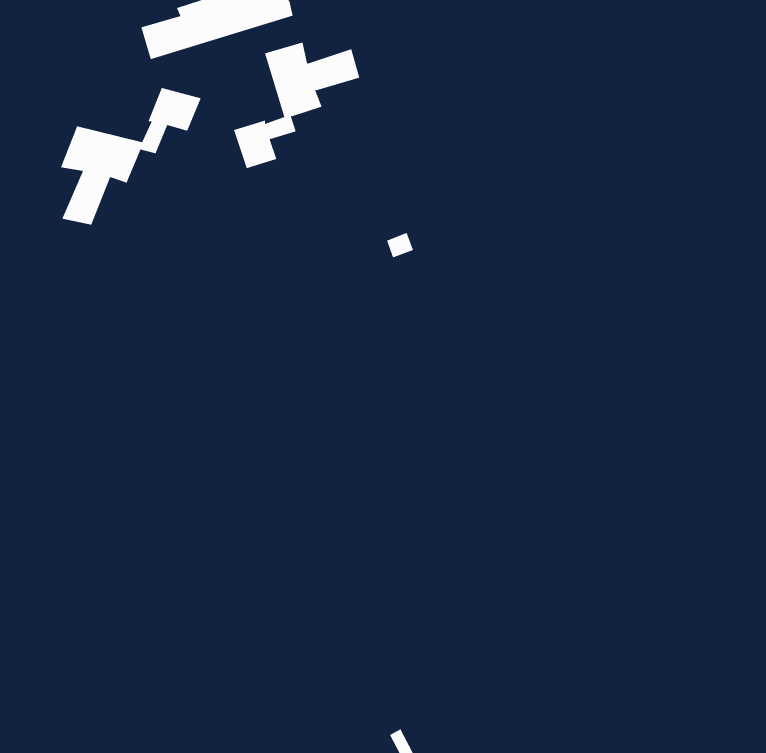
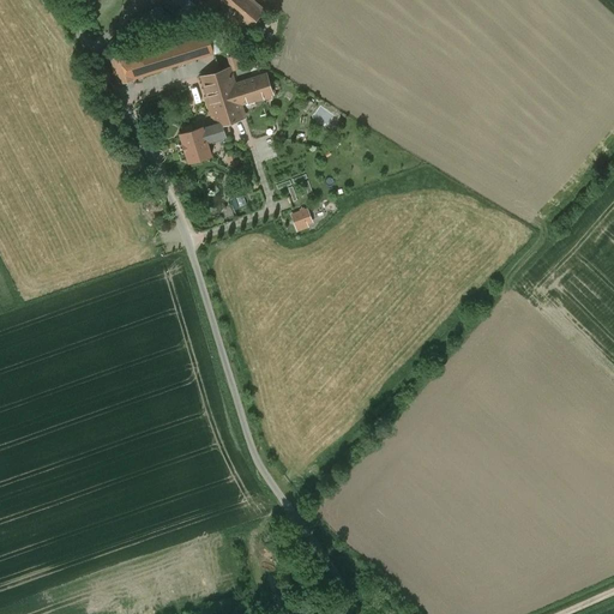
building: [60,87,201,225] -> none

